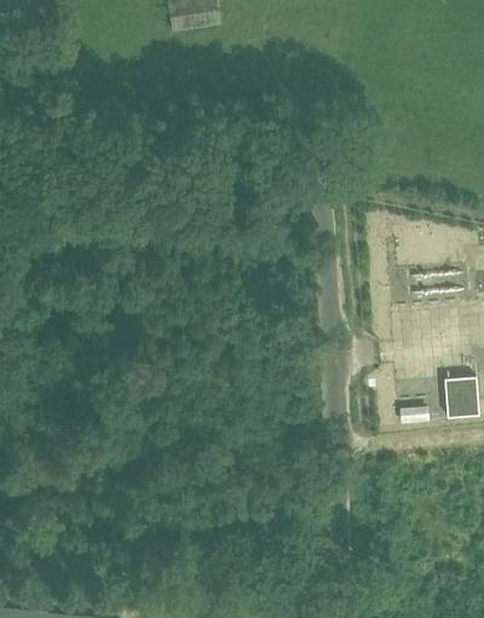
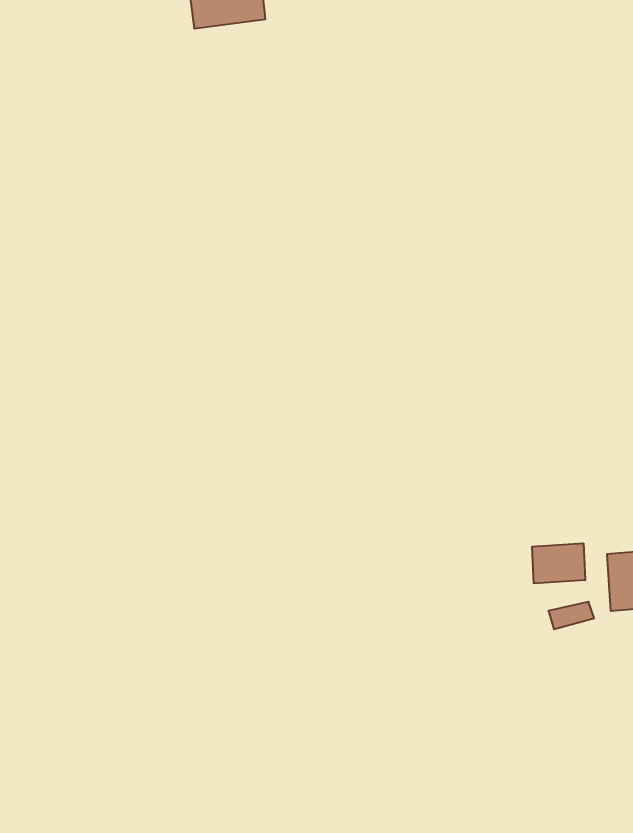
building: none -> [532,543,585,583]

